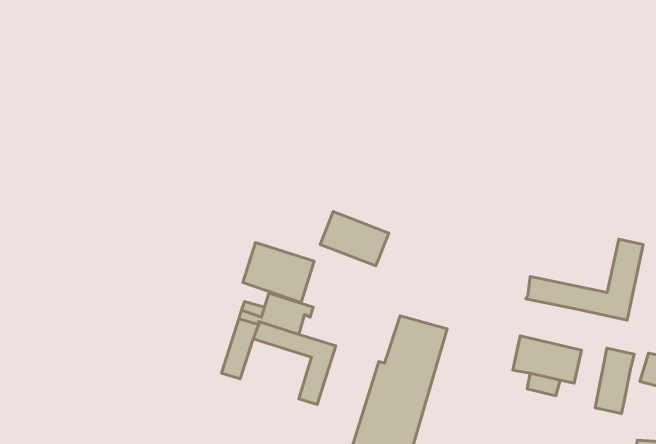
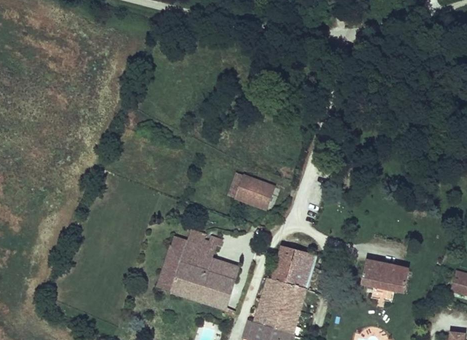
building: [526,239,643,320] -> none
building: [243,243,314,303] -> [171,261,221,303]
building: [595,348,634,413] -> none

